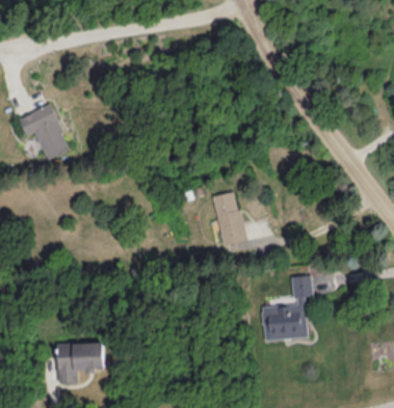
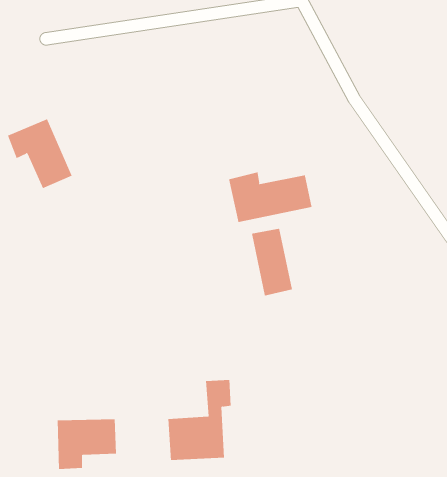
building: none -> [229,172,312,223]
building: [262,276,313,341] -> [167,380,231,461]

